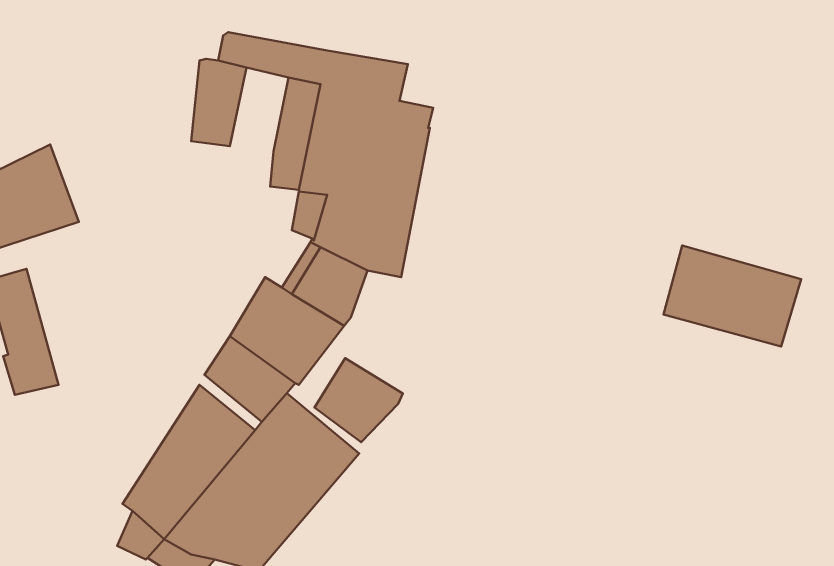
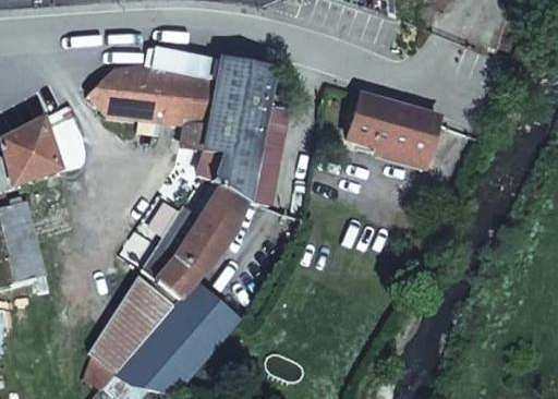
building: none -> [88,64,140,117]
building: none -> [159,69,197,123]
building: [664,246,801,346] -> [350,94,439,159]
building: [314,358,403,442] -> none

